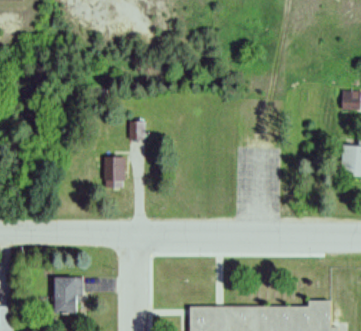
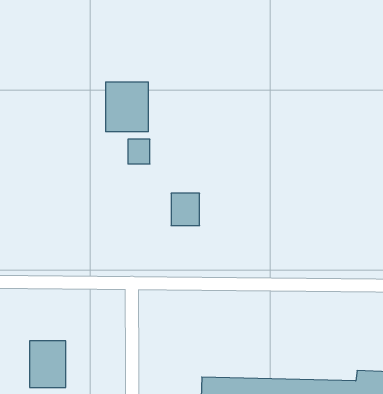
building: none -> [106,82,148,132]
building: [105,157,127,182] -> [171,193,200,226]

